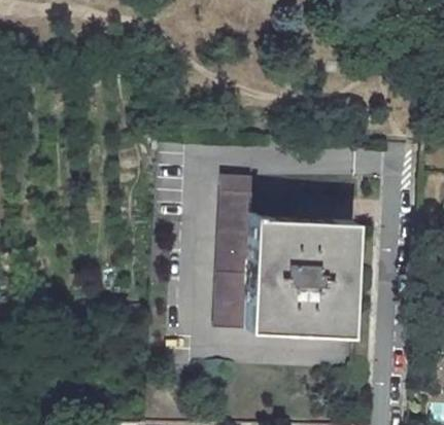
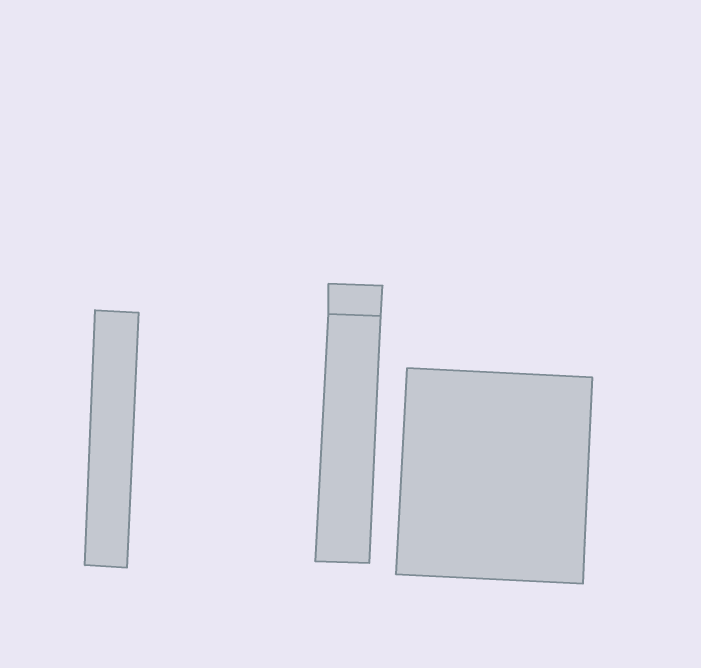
building: none -> [85,310,139,568]

